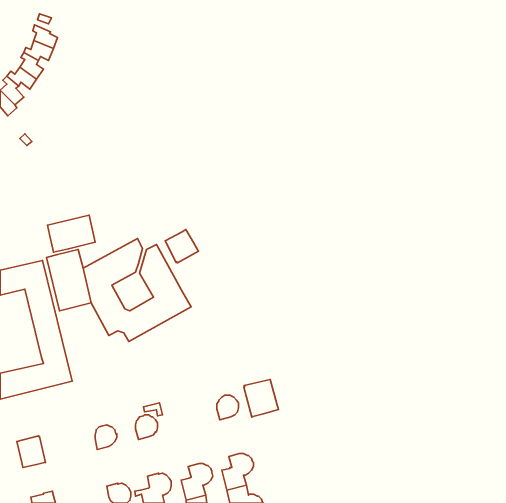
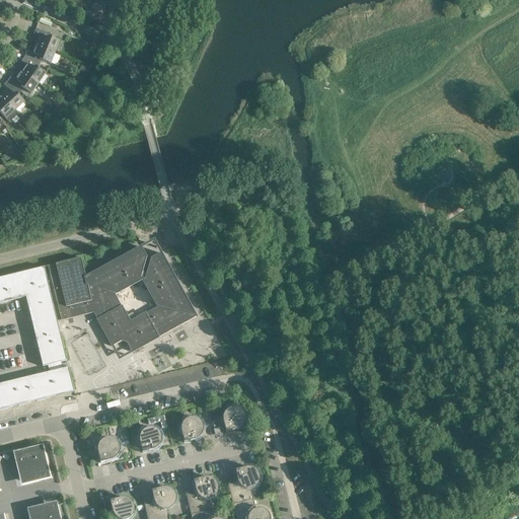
building: [47,215,95,252] -> none
building: [165,229,198,263] -> none
building: [244,380,278,417] -> none
building: none -> [180,415,203,440]

